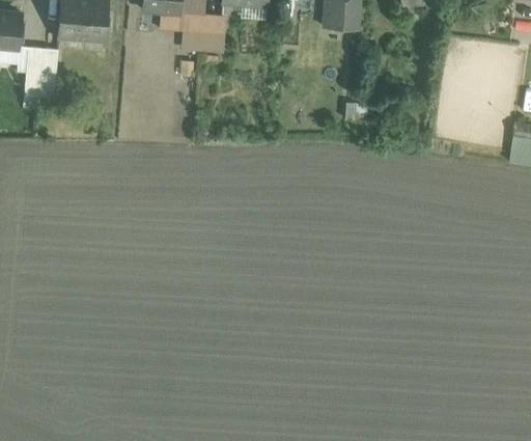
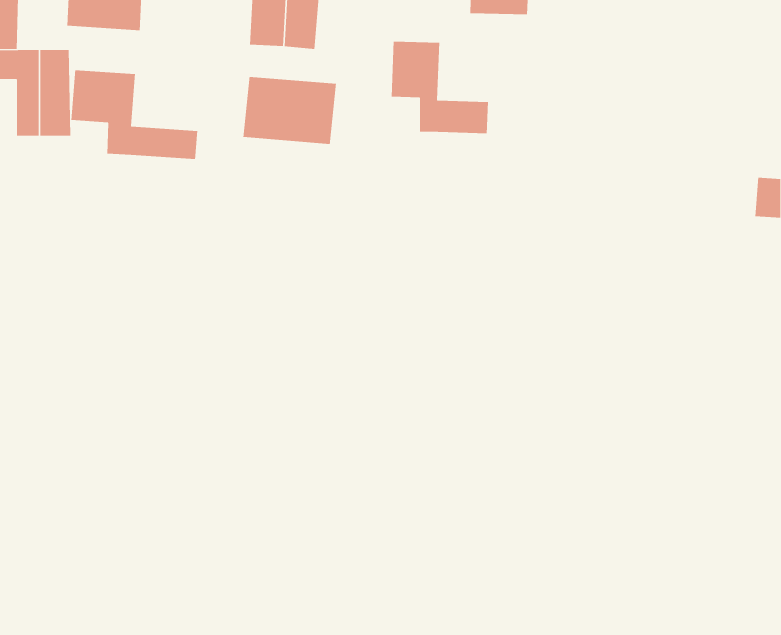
building: none -> [391,41,488,134]
building: none -> [71,70,198,160]
building: none -> [243,76,336,145]

